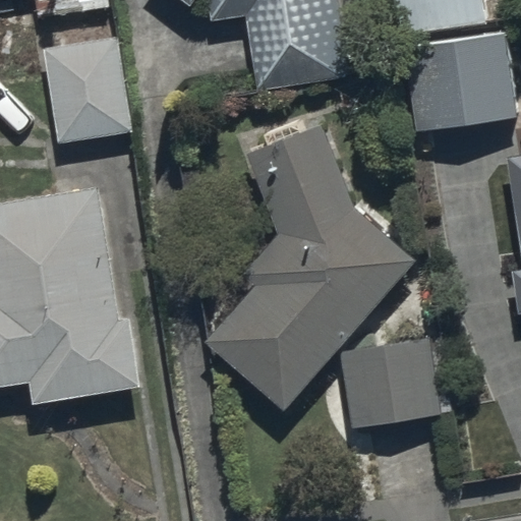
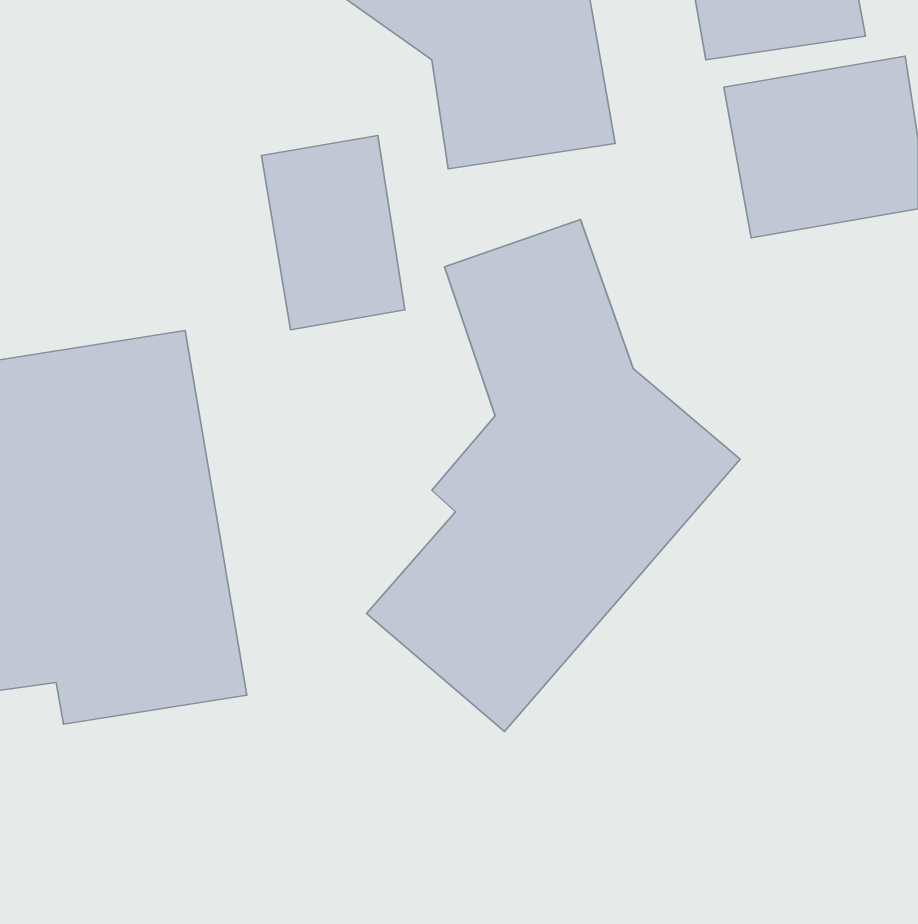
building: [47,34,127,142] -> [262,136,405,330]
building: [339,342,442,428] -> none

